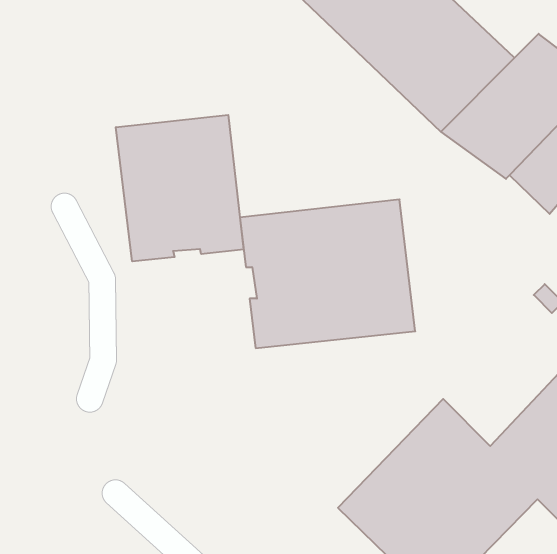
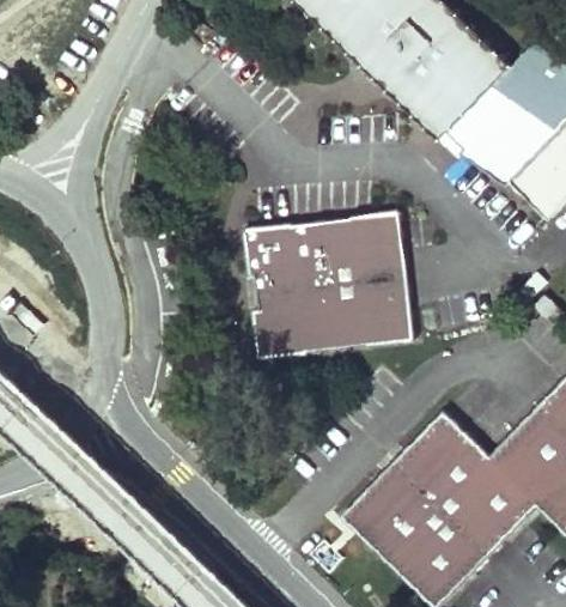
building: [116,115,244,261] -> none

